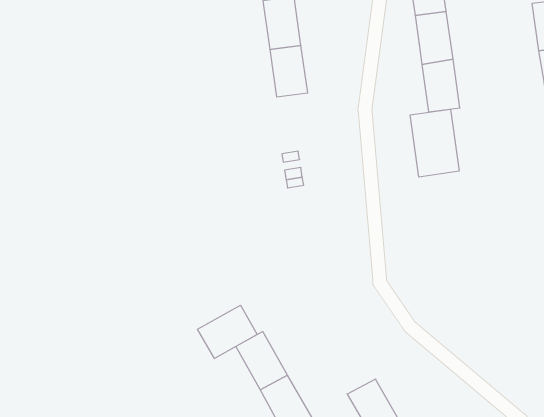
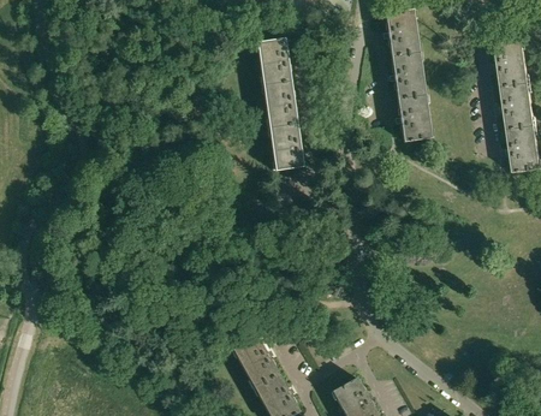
building: none -> [269,124,304,171]
building: [410,109,459,177] -> none
building: [198,305,257,359] -> none

